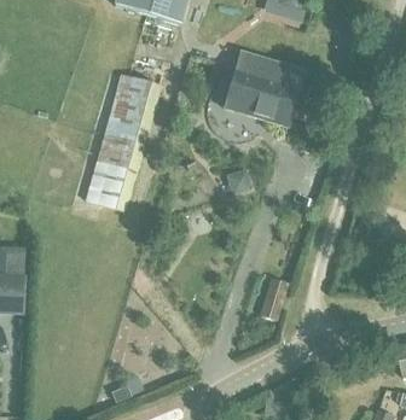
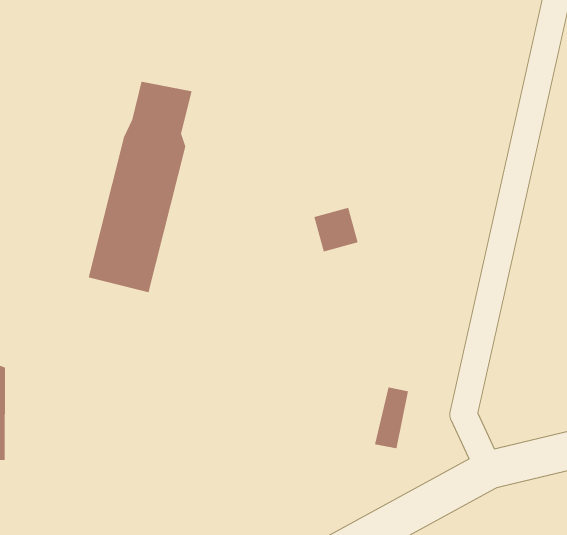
building: [224,52,303,127] -> none

